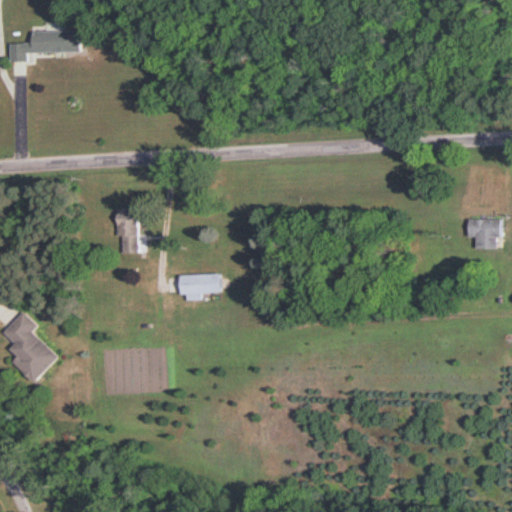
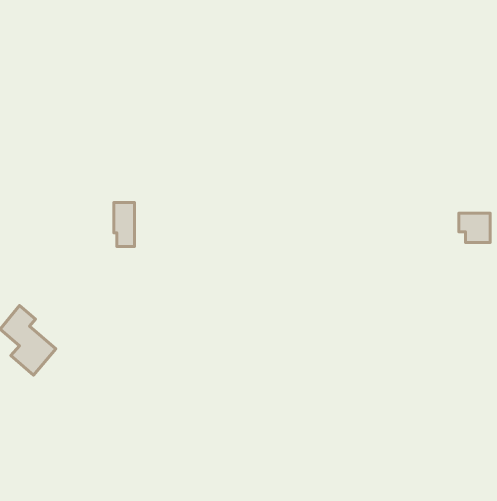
building: [8,31,80,63] -> none
building: [179,274,218,297] -> none

